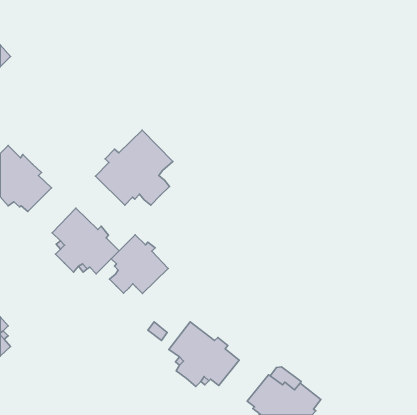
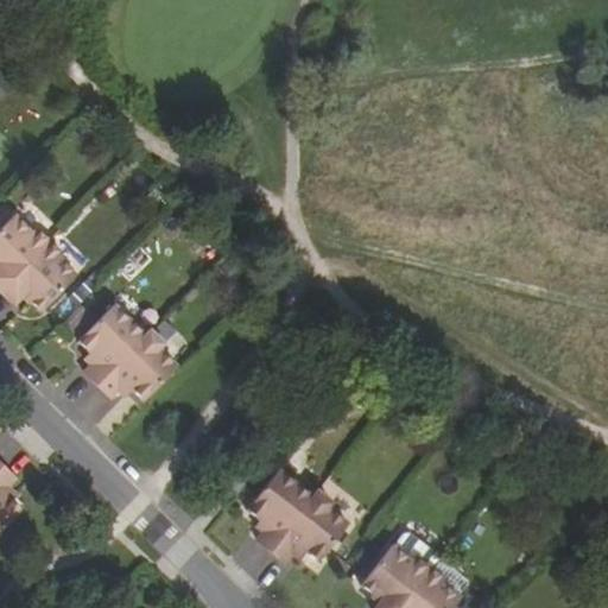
building: [96,130,173,205] -> none
building: [110,235,168,293] -> none

